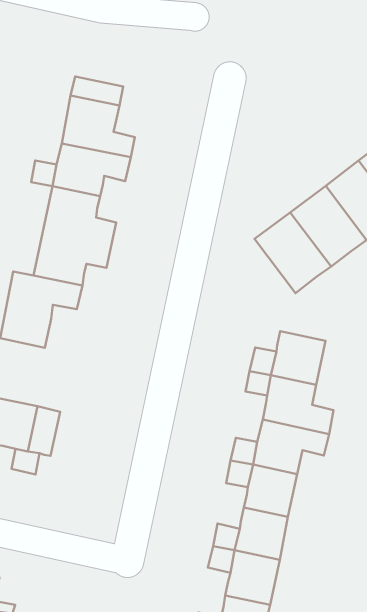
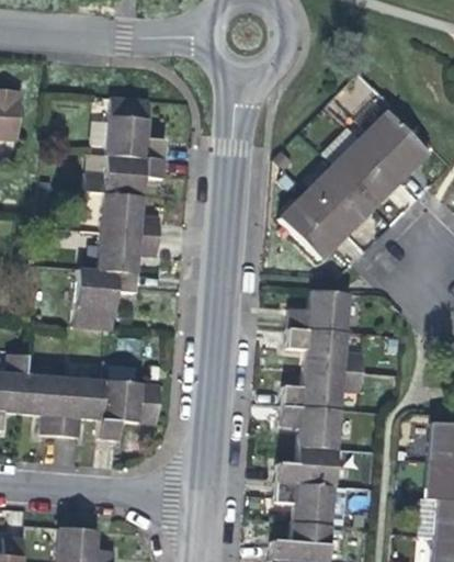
building: none -> [129,383,160,424]

